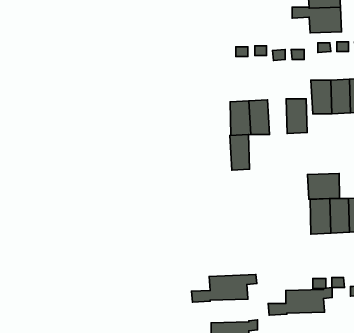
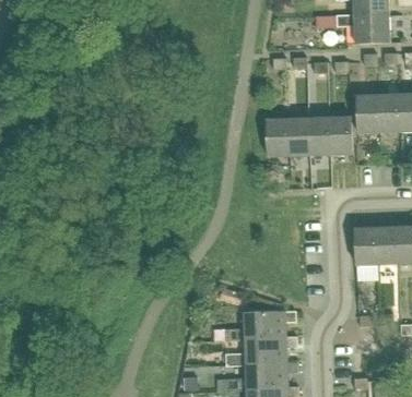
building: [230,135,250,170] -> [307,117,329,156]
building: [308,174,339,199] -> none
building: [268,288,332,315] -> [224,336,295,366]

